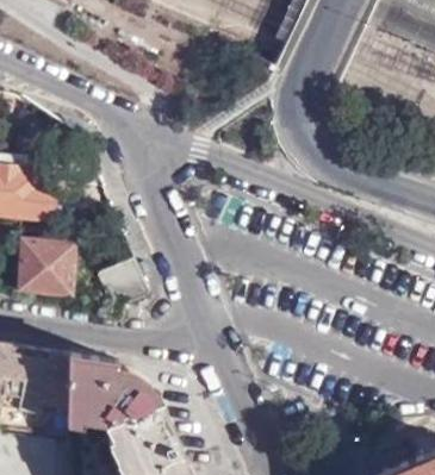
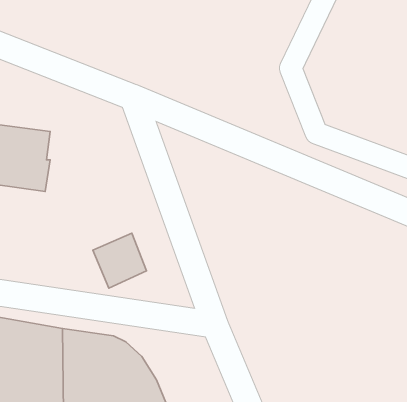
building: [21,243,70,296] -> none

